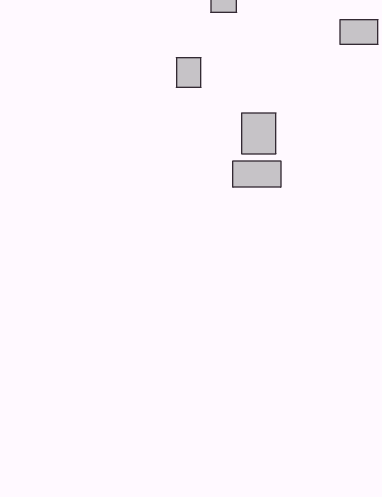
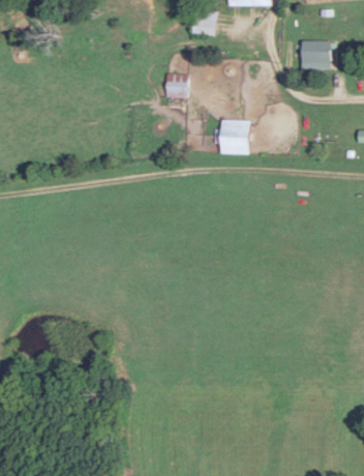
building: [233,161,281,187] -> none

